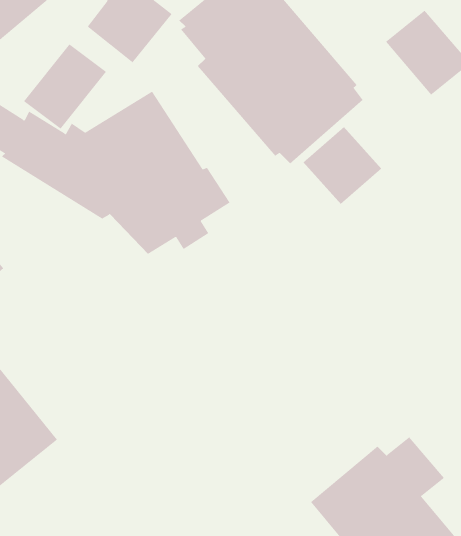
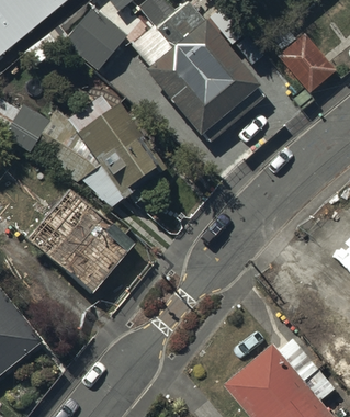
building: [23,44,107,129] -> none
building: [302,126,382,205] -> none
building: none -> [26,187,135,293]

